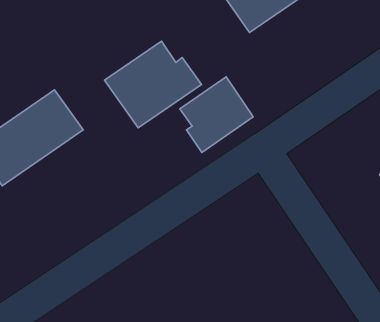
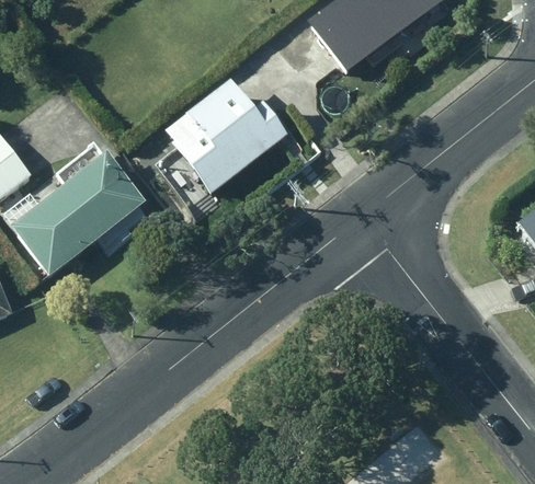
building: [180,77,253,153] -> none

